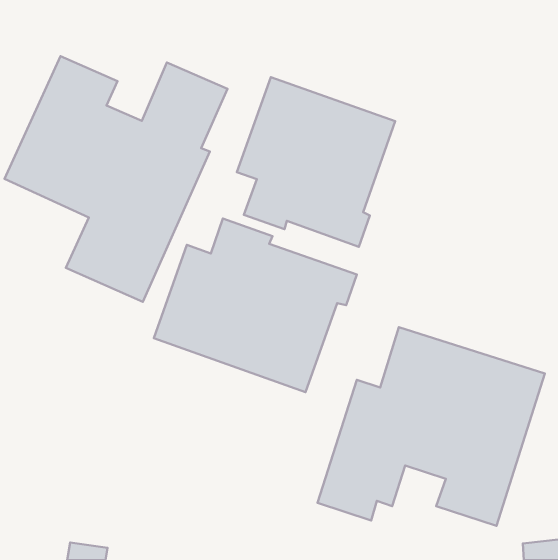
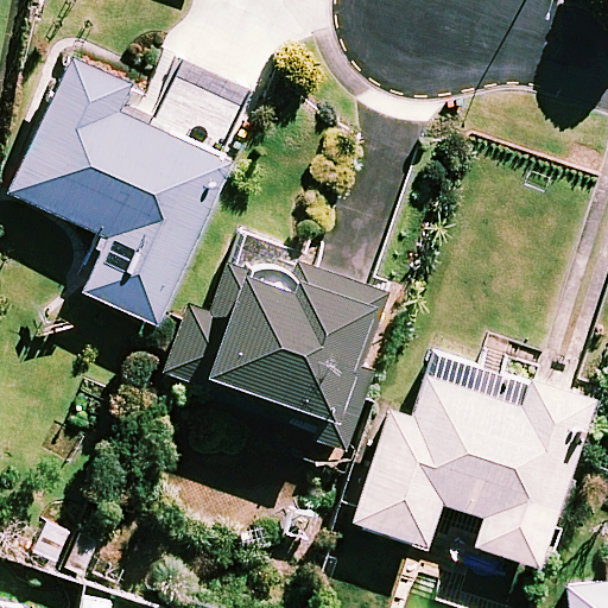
building: [237,77,395,247] -> none

